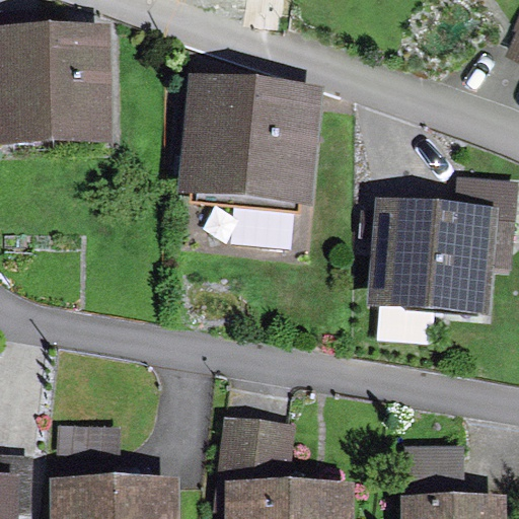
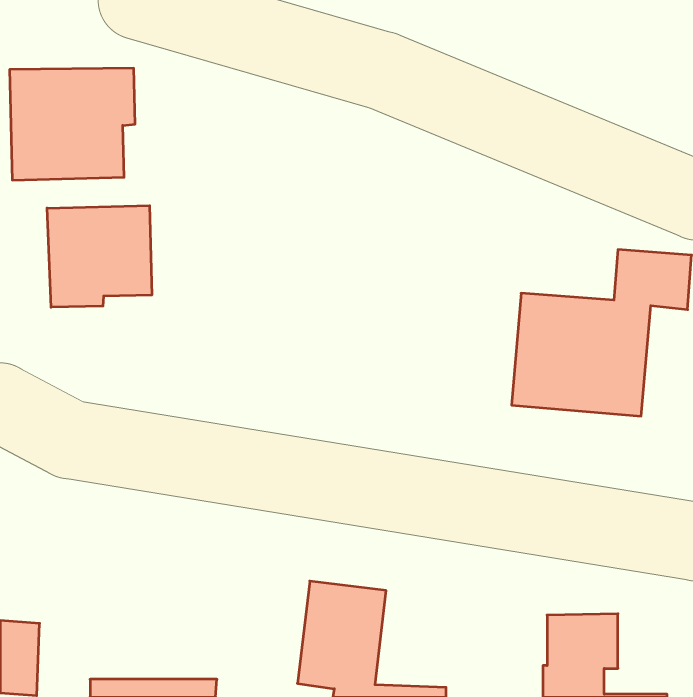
building: [180,101,305,215] -> none
building: none -> [47,206,152,307]

